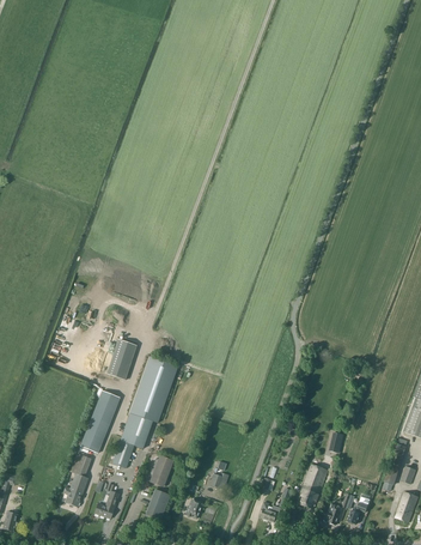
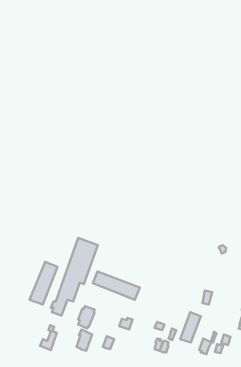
building: [106,339,136,380] -> none
building: none -> [93,271,140,300]
building: [63,453,91,507] -> none

